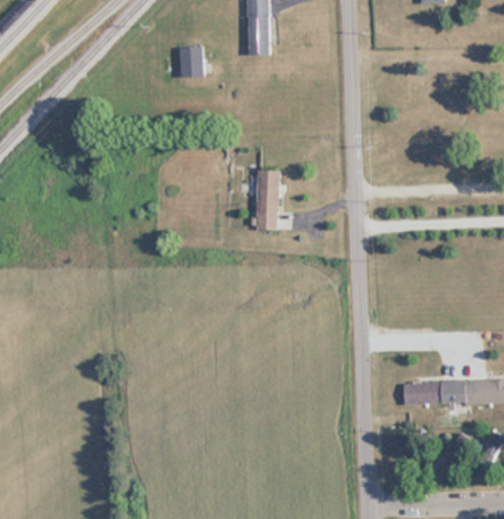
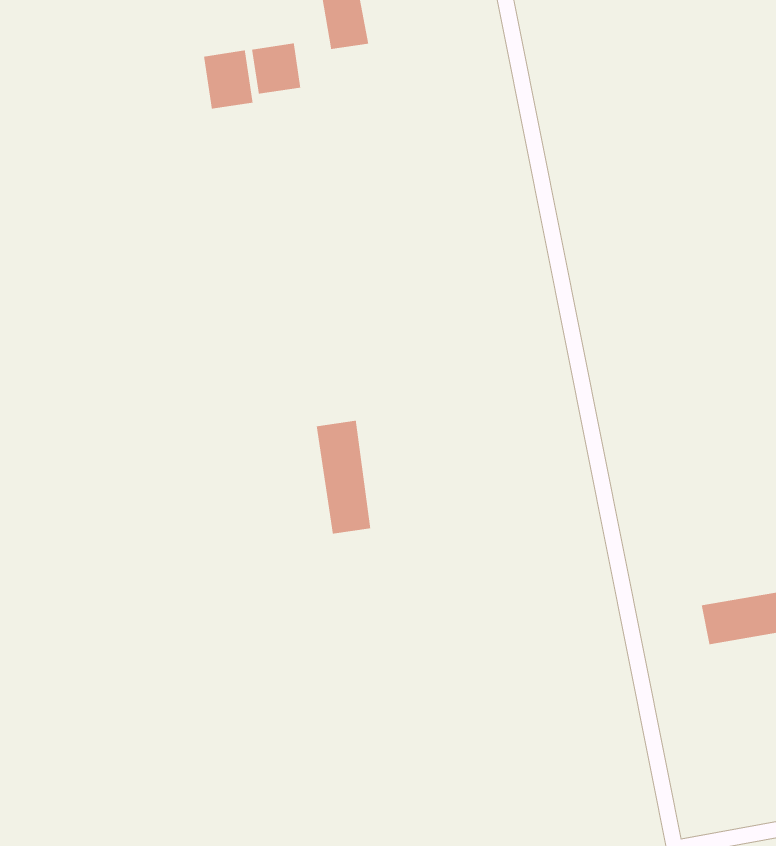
building: none -> [251,43,301,95]
building: [257,169,279,229] -> [316,420,371,535]

